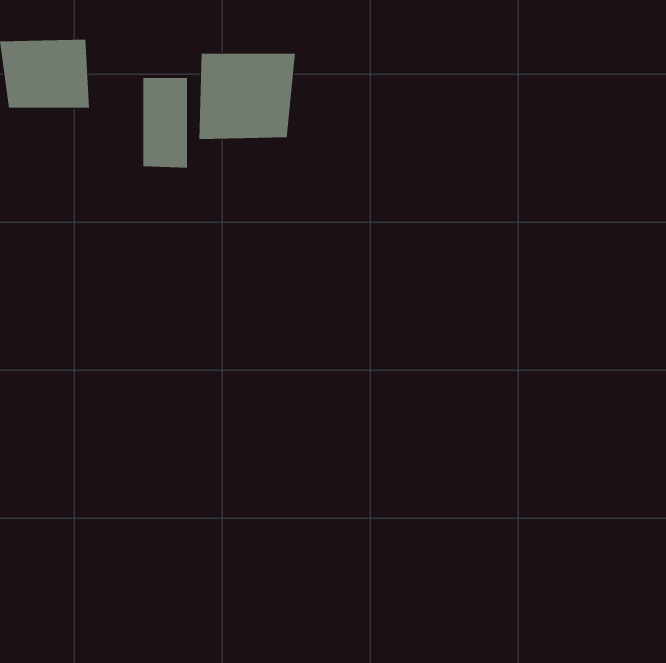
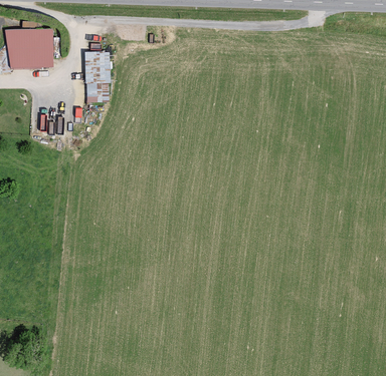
building: [199,53,295,140] -> none

